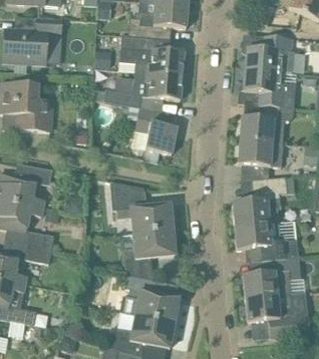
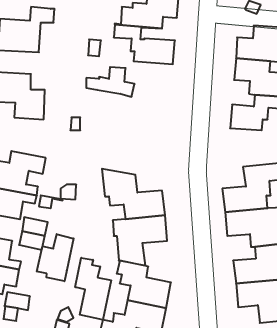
building: [140,72,182,99] -> none
building: [134,108,177,162] -> none
building: [238,140,283,175] -> none
building: none -> [37,234,74,281]
building: none -> [75,258,111,320]

